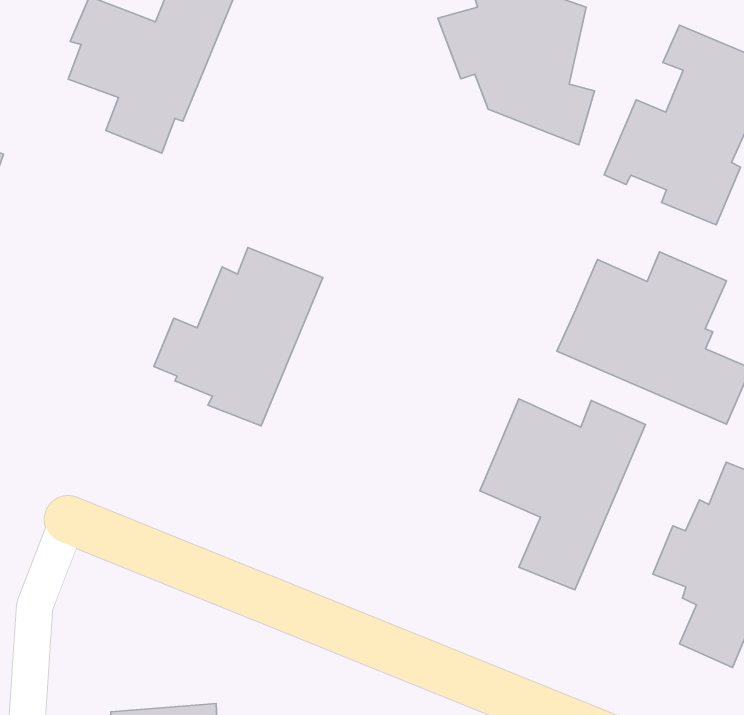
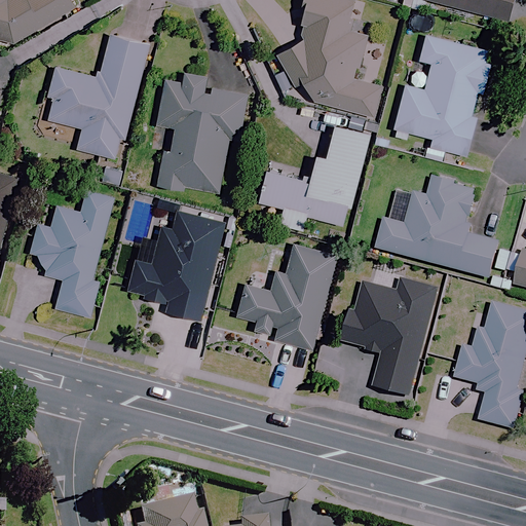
building: none -> [155,72,248,193]
building: none -> [259,124,369,229]
building: none -> [31,191,114,317]
building: none -> [237,242,337,349]

